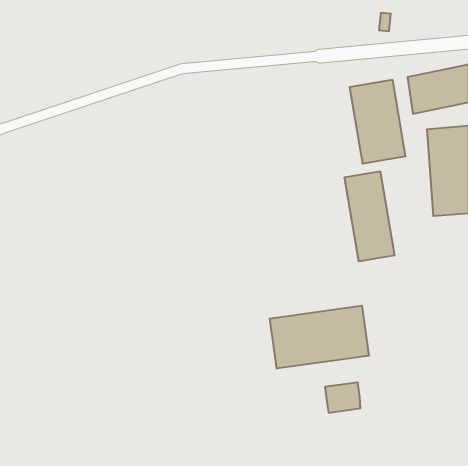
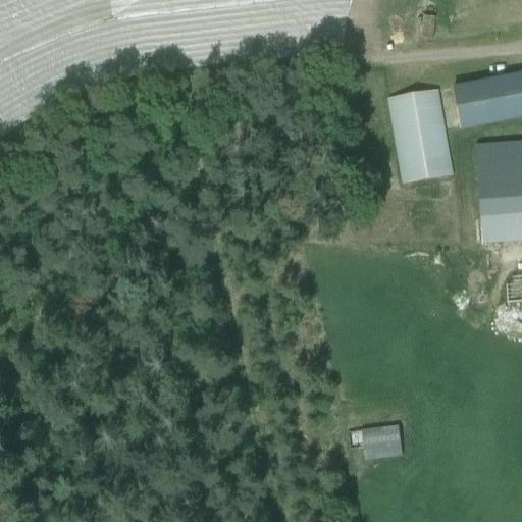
building: [345,171,394,261] -> none
building: [270,306,369,369] -> none

